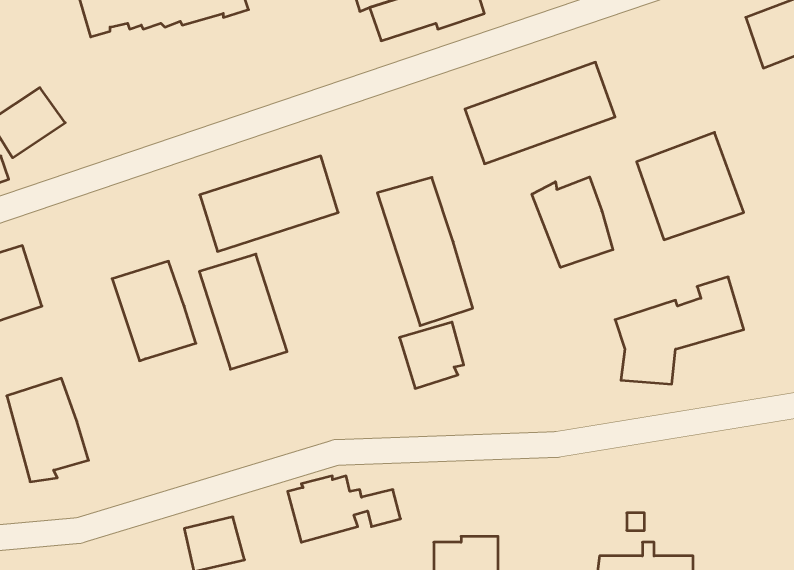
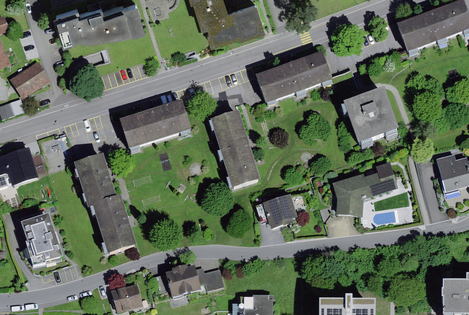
building: [532,177,613,267] -> none
building: [199,254,287,369] -> [91,196,136,255]
building: [399,322,464,388] -> [263,196,296,230]

